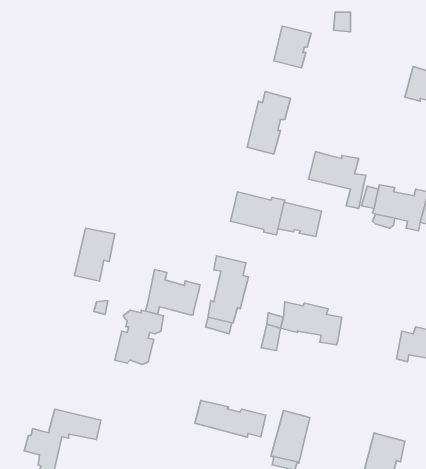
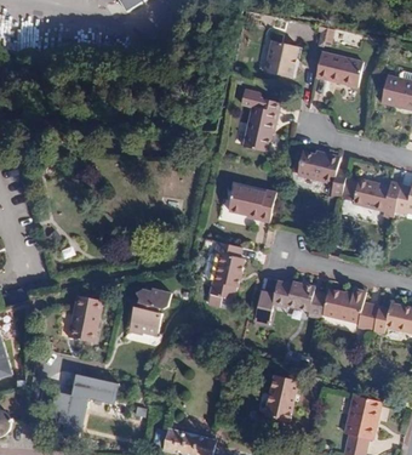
building: none -> [315,51,362,86]
building: [278,202,321,237] -> none
building: [74,228,115,281] -> [67,295,102,341]
building: [145,270,200,315] -> none
building: none -> [321,288,377,330]
building: [195,400,266,437] -> none

